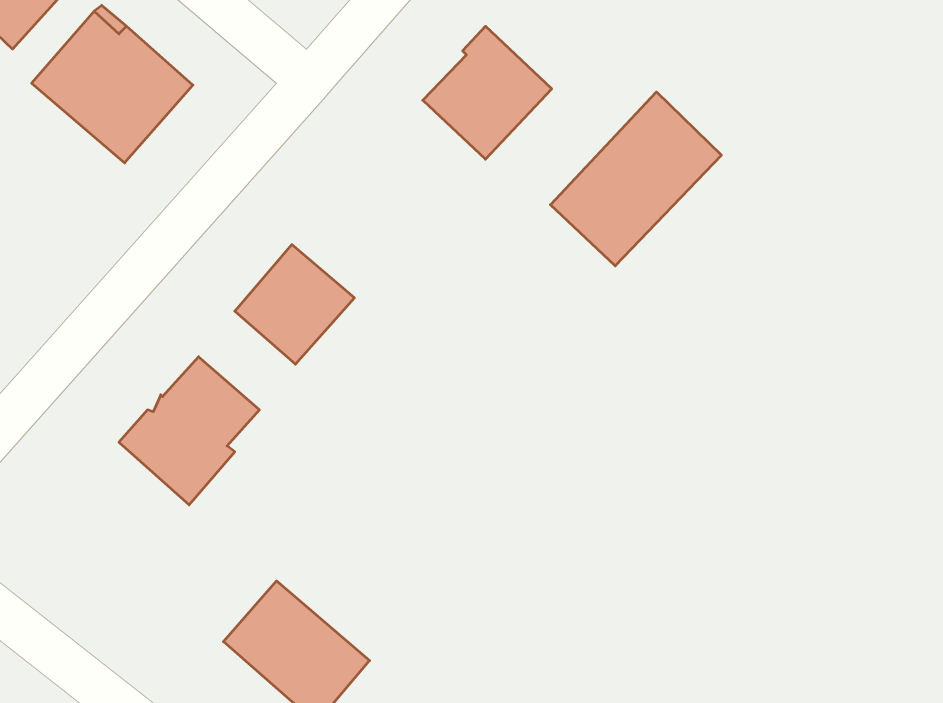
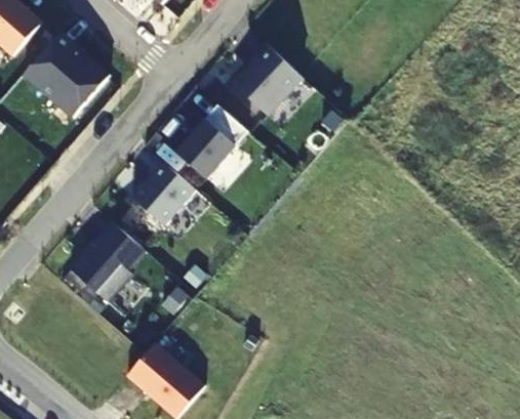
building: [550,92,721,266] -> none
building: none -> [175,104,248,178]

